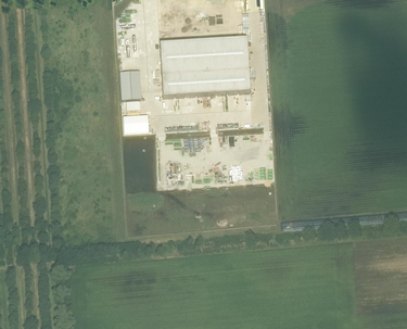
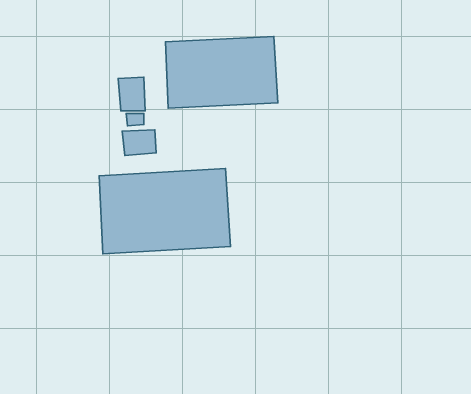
building: none -> [99,168,231,254]

